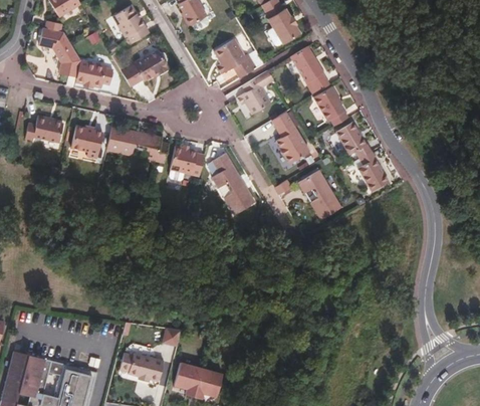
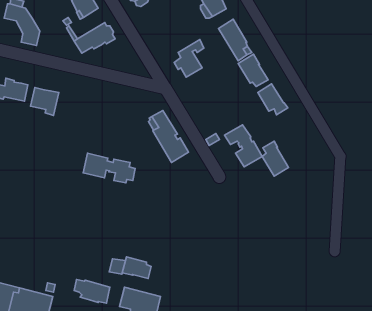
building: [213,38,258,76] -> none
building: [75,59,112,87] -> none
building: [271,111,309,162] -> none
building: [106,126,168,161] -> [83,153,135,183]
building: [169,145,203,175] -> none
building: [357,150,389,191] -> [262,141,289,176]
building: none -> [122,257,151,279]

